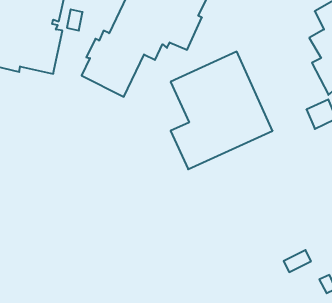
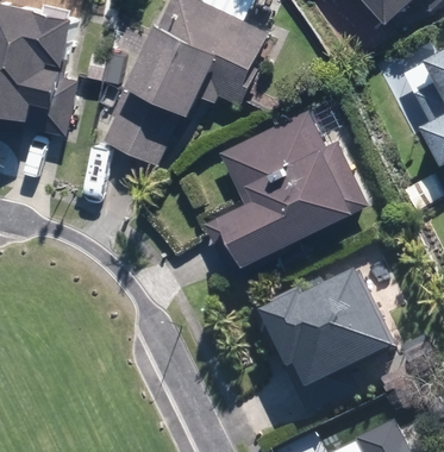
building: none -> [243,271,389,414]

